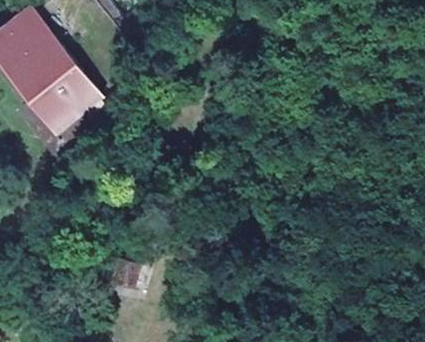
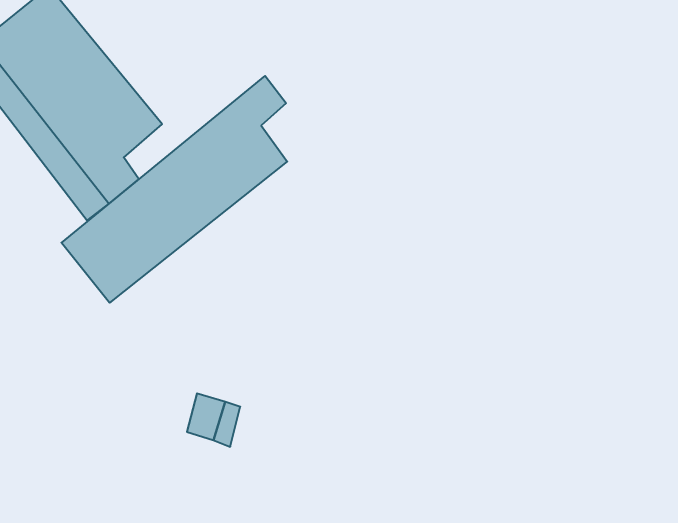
building: none -> [61,76,287,303]

